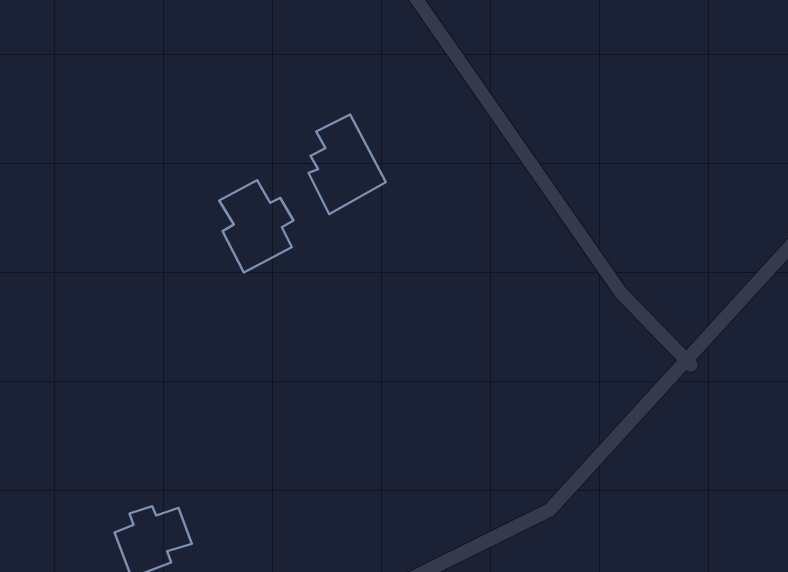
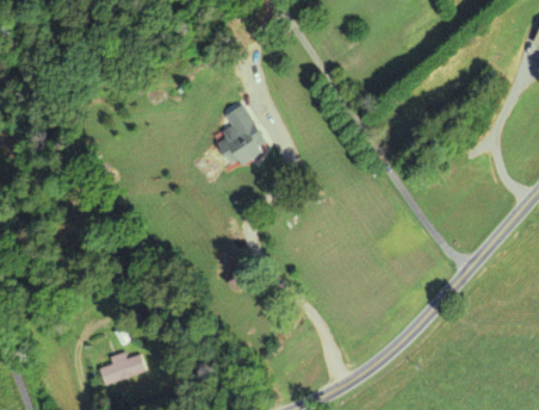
building: [219,180,293,273] -> none

